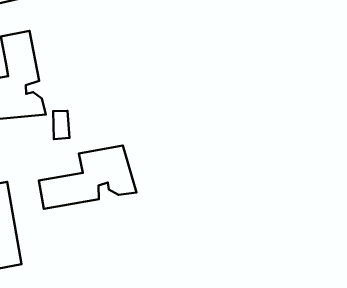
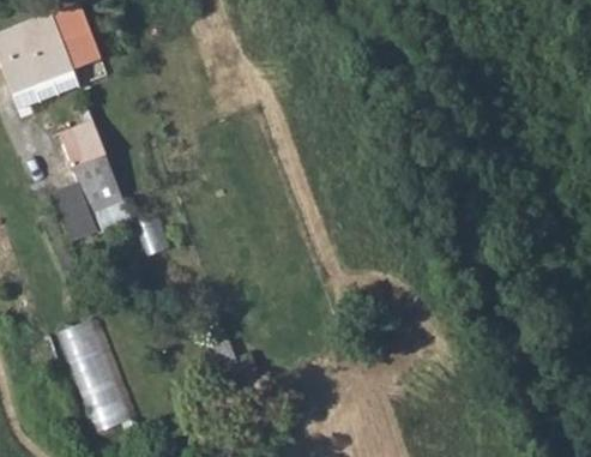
building: [39,146,136,209] -> none

